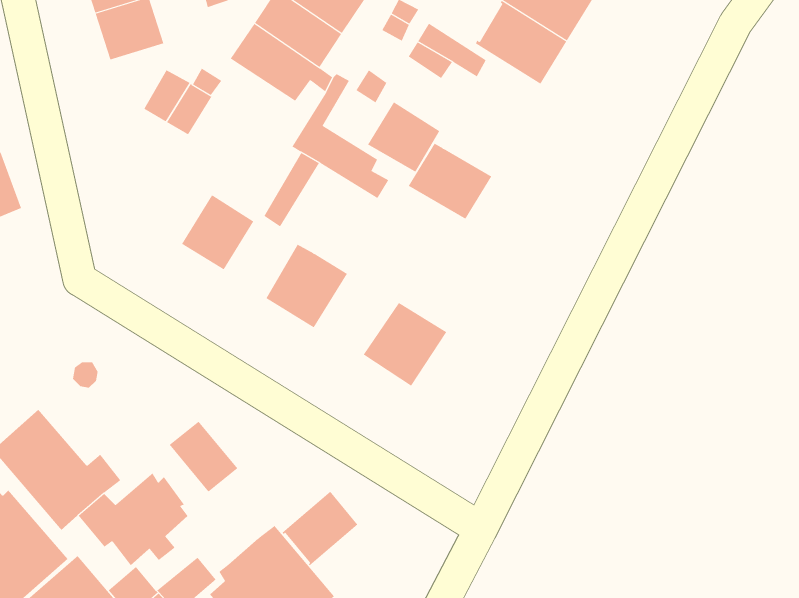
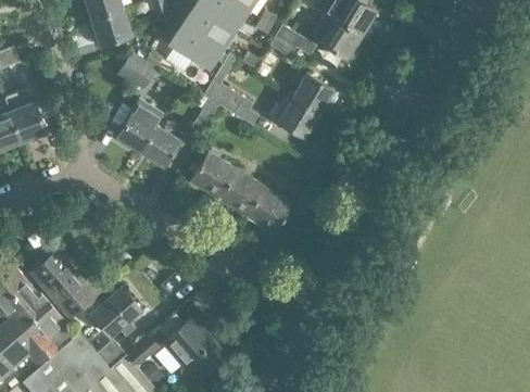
building: [367,101,440,173] -> [291,72,333,113]
building: none -> [115,98,164,152]
building: none -> [217,168,265,216]
building: [169,421,238,492] -> none
building: [282,491,358,566] -> none

